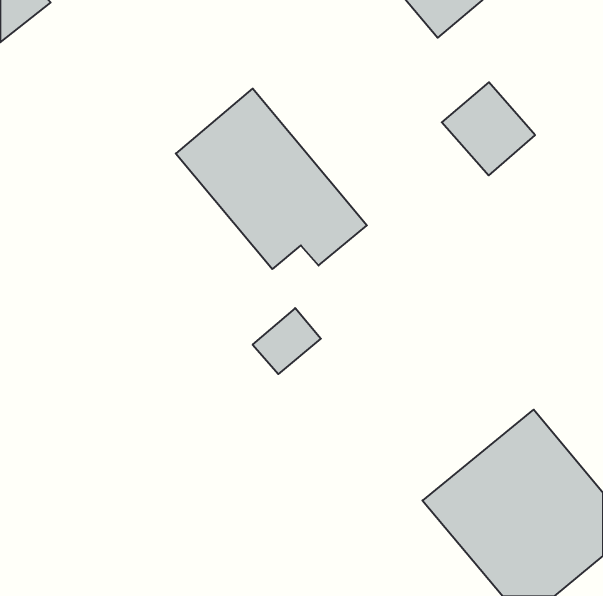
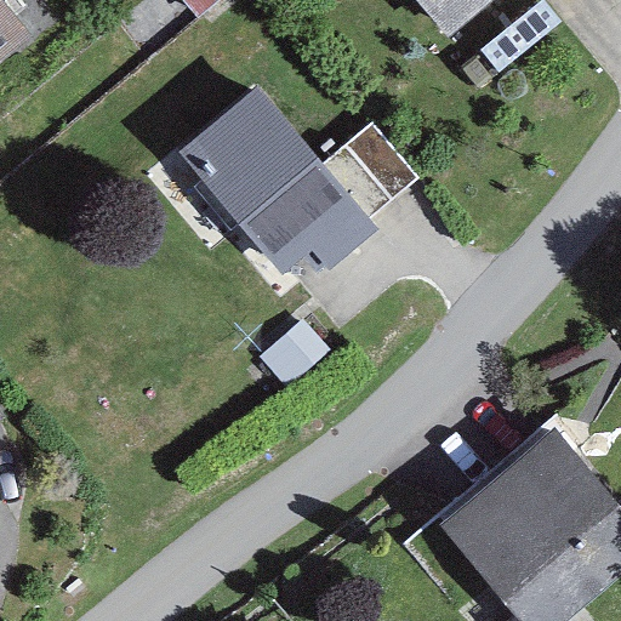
building: [442,82,535,175] -> [321,121,417,217]

